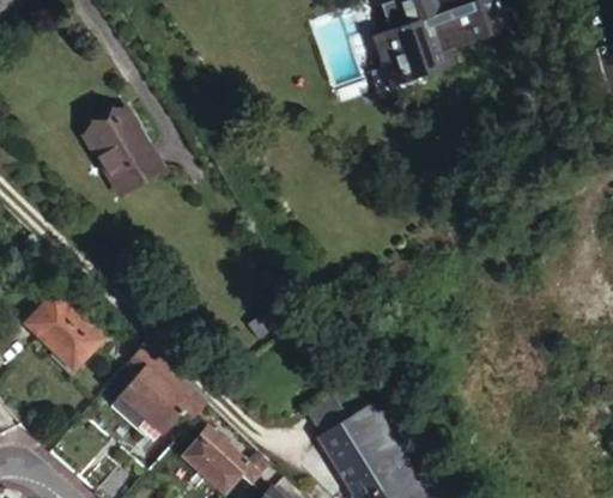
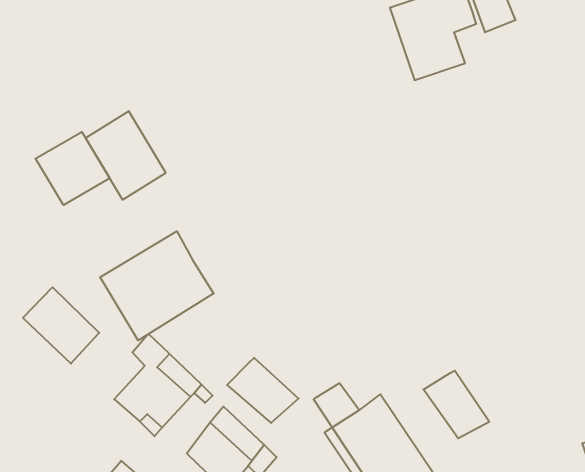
building: none -> [35,132,110,205]
building: none -> [100,231,214,340]
building: none -> [227,358,299,423]
building: none -> [423,371,489,438]

